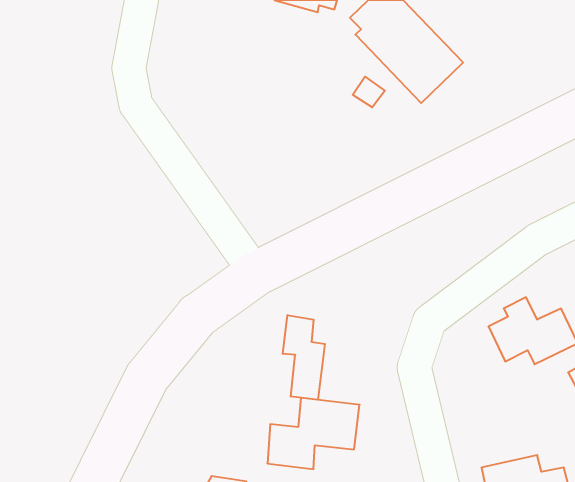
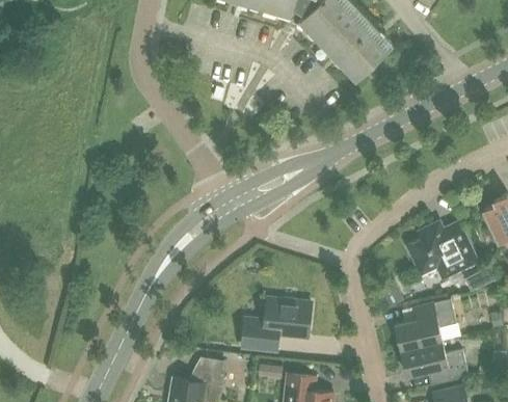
building: [283,315,325,400] -> none
building: none -> [395,298,456,349]

